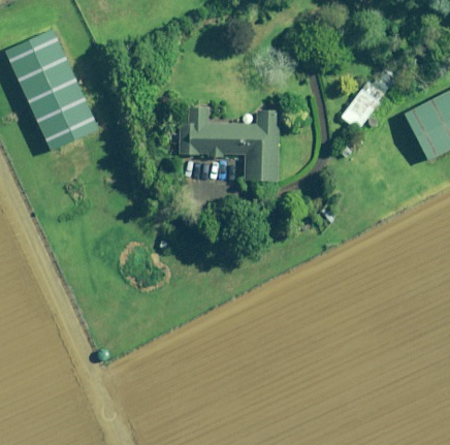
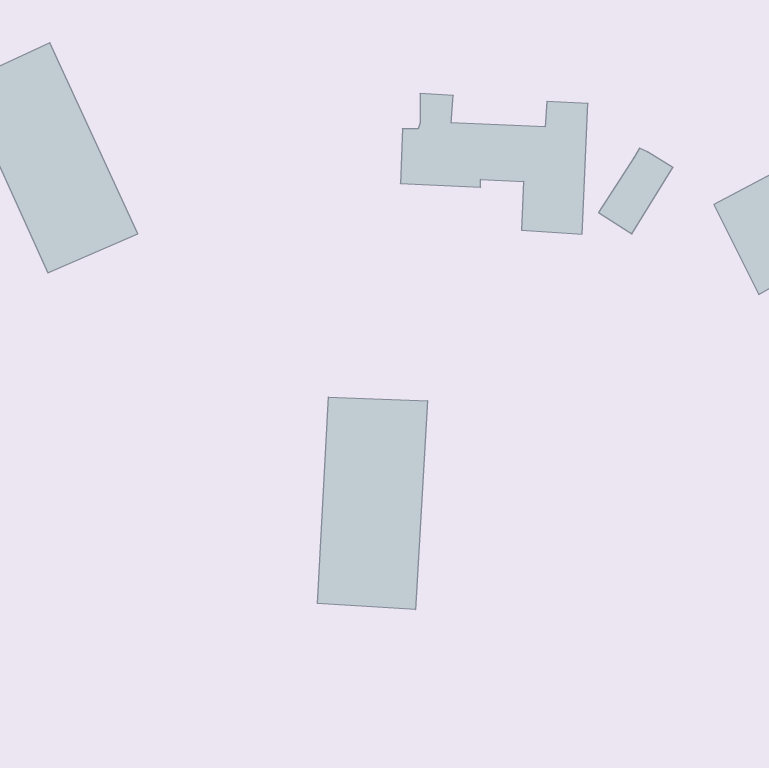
building: [180,106,279,181] -> [400,94,588,234]
building: none -> [317,397,428,610]

